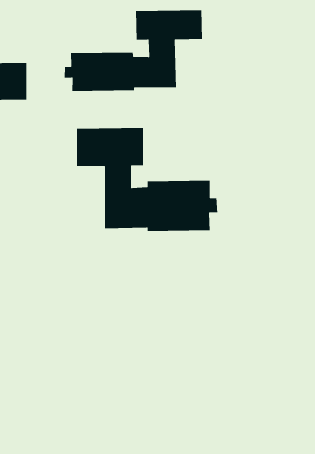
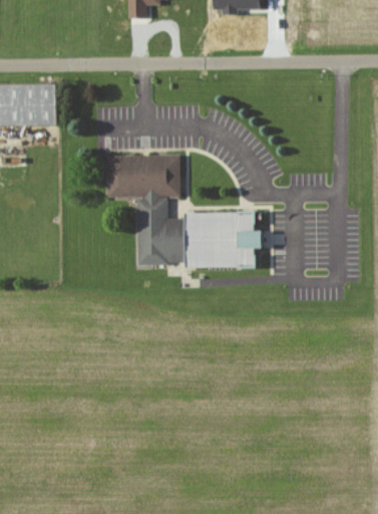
building: [64,10,203,92] -> none

